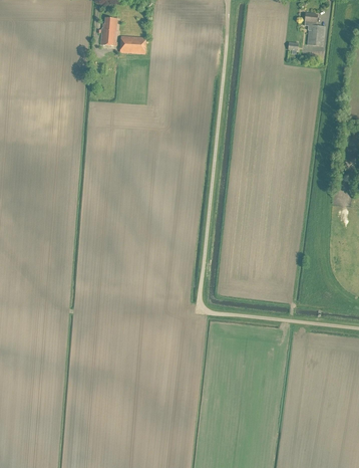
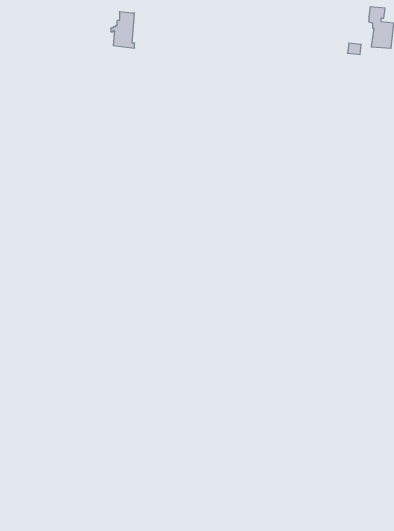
building: [119,35,145,53] -> none

